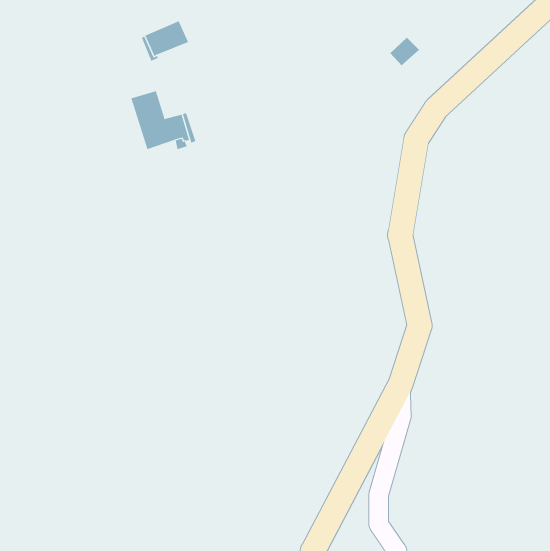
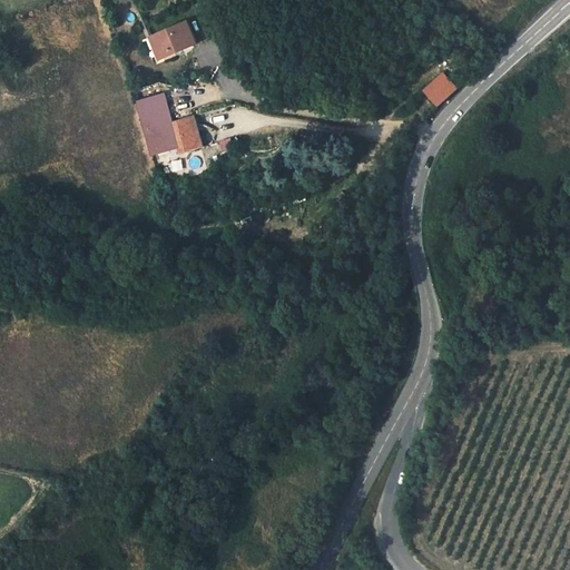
building: [390,37,420,66] -> [424,73,455,104]

